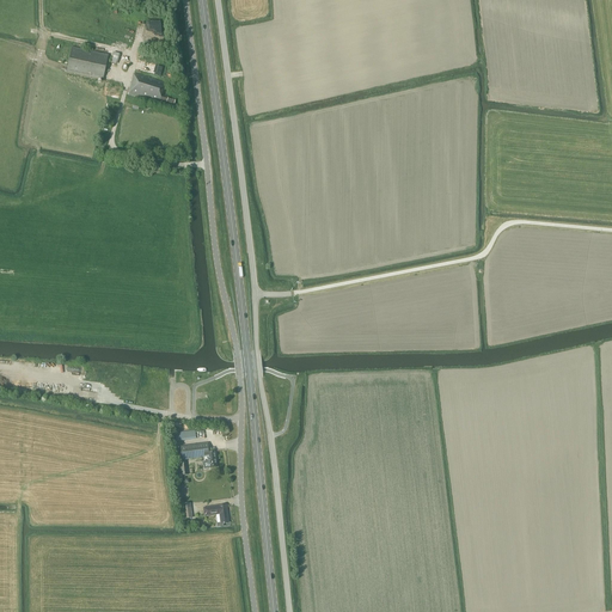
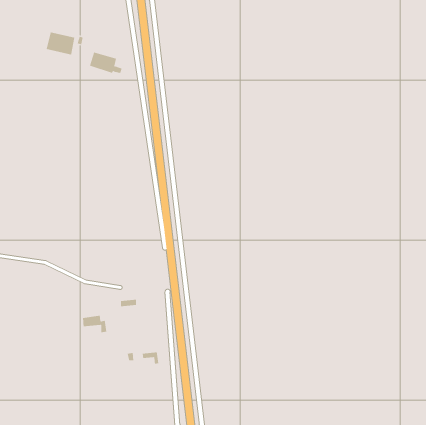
building: [180,442,216,467] -> [82,315,107,333]

